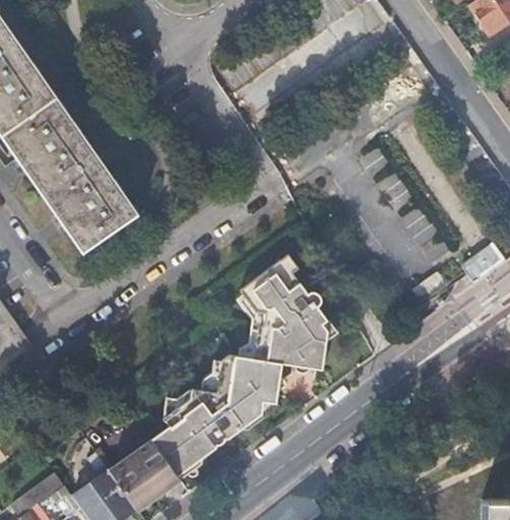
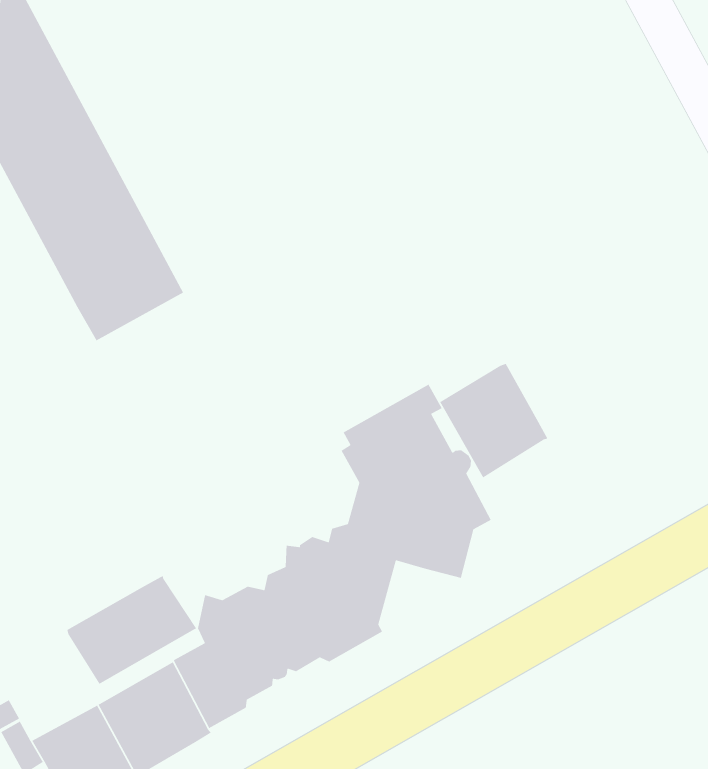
building: none -> [439,363,548,479]
building: none -> [66,575,197,685]

